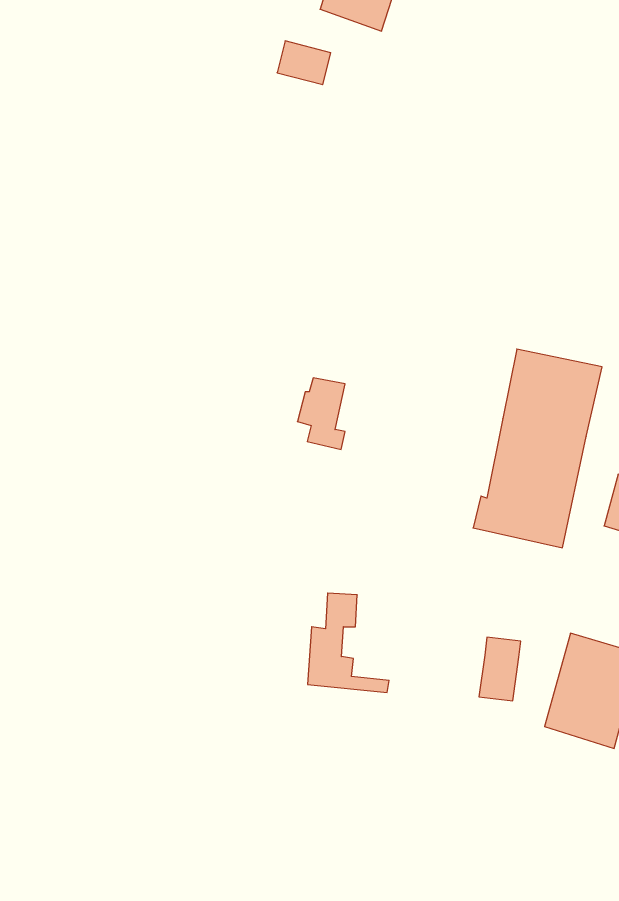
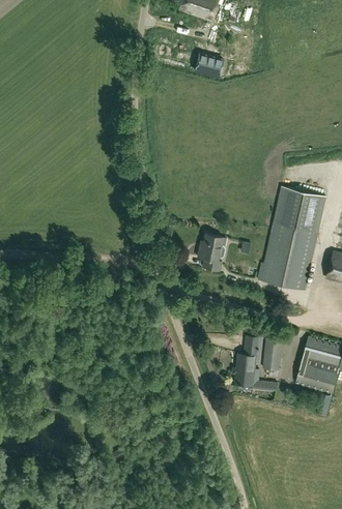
building: [277,41,331,85] -> [193,54,221,77]
building: [297,378,345,449] -> [197,234,222,271]
building: [308,593,389,692] -> [235,336,278,388]

